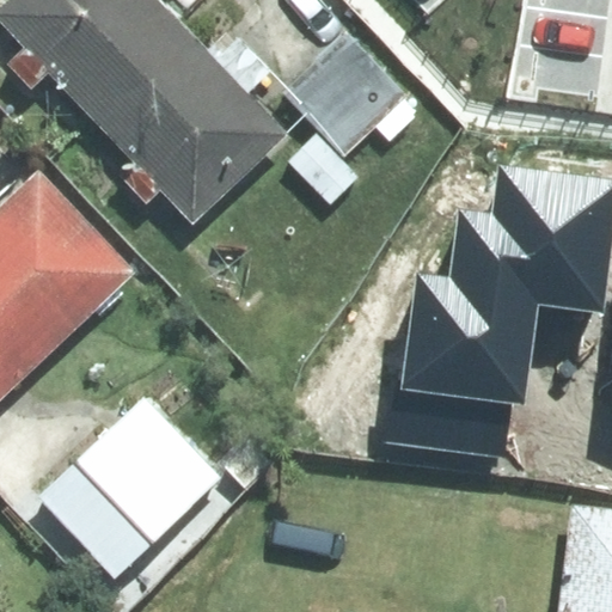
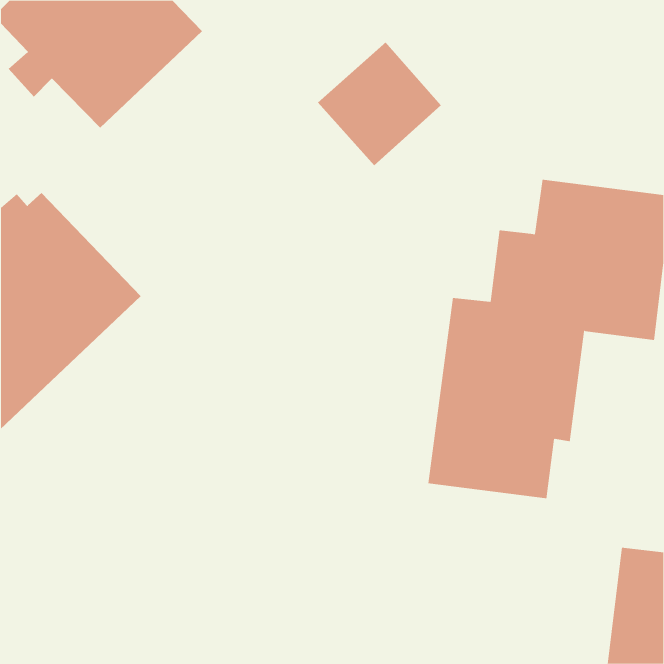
building: [92,29,288,225] -> none
building: [41,399,218,574] -> none

